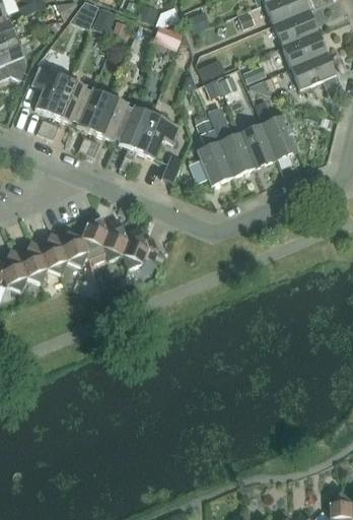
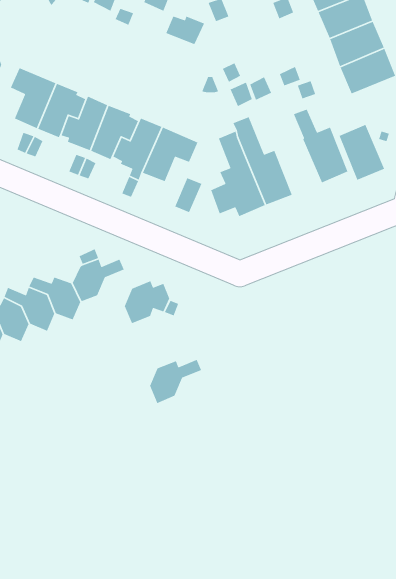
building: [239,123,276,168] -> [339,124,385,181]
building: [100,225,142,261] -> [149,359,202,404]

